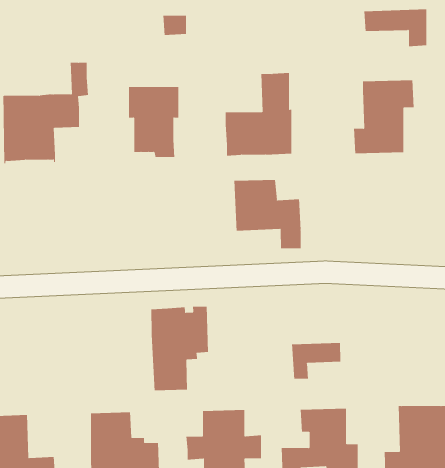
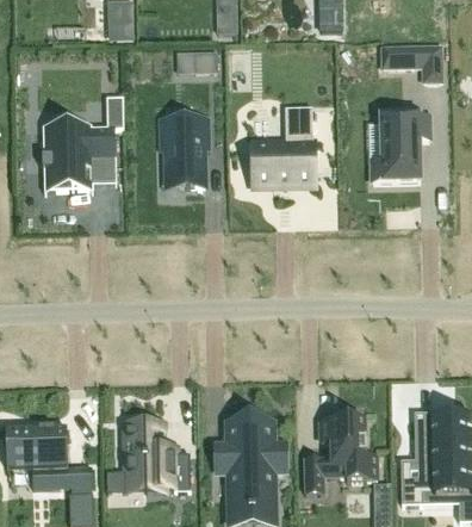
building: [234,179,301,249] -> none
building: [151,306,209,391] -> none
building: [291,342,341,380] -> none

